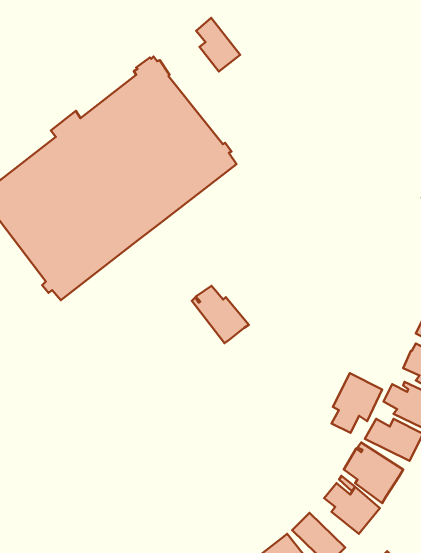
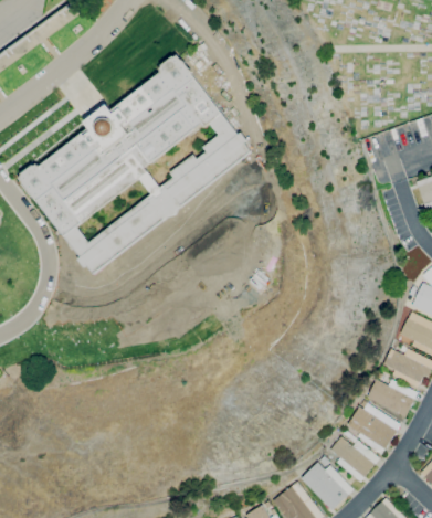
building: [196,18,240,71] -> none
building: [192,286,249,343] -> none
building: [332,373,382,433] -> none

